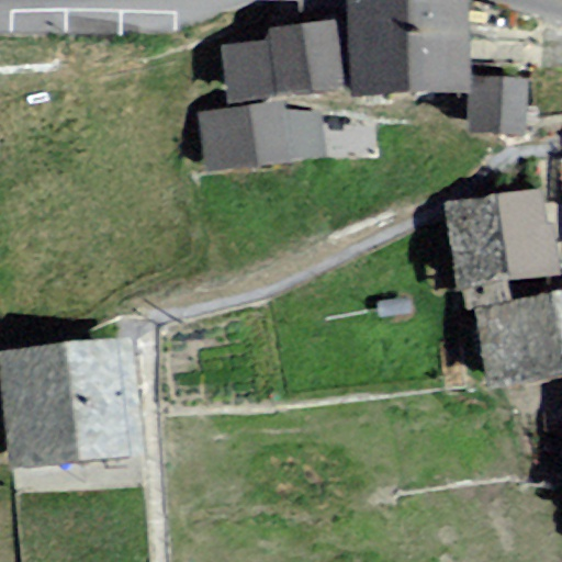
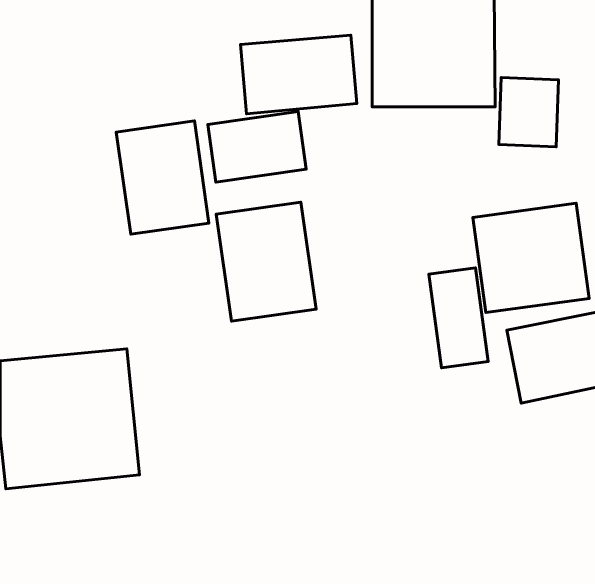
building: none -> [116,121,209,234]
building: none -> [216,202,316,321]
building: none -> [429,268,488,368]

